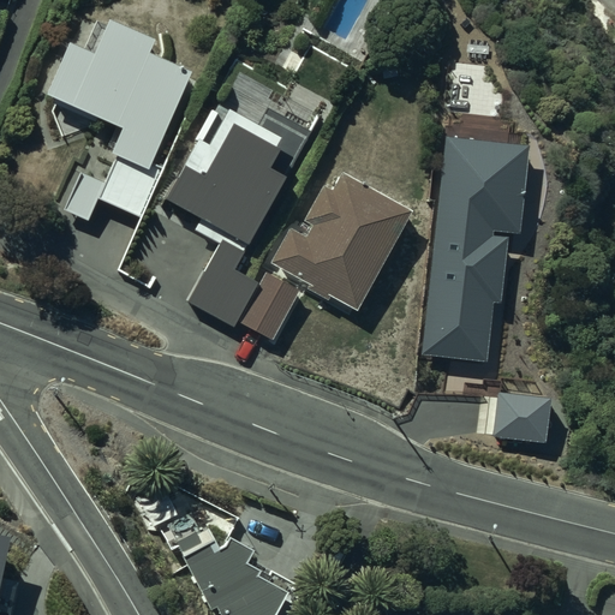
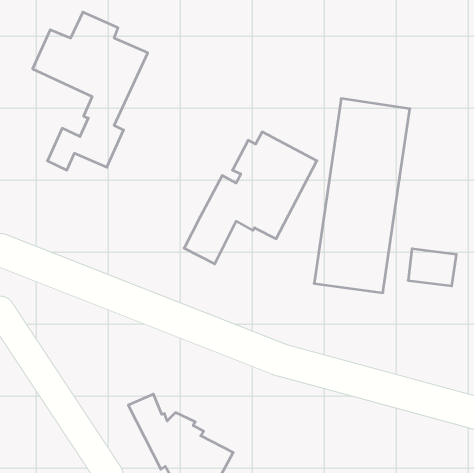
building: [165,107,309,329] -> none
building: [506,394,568,442] -> [408,249,456,286]

